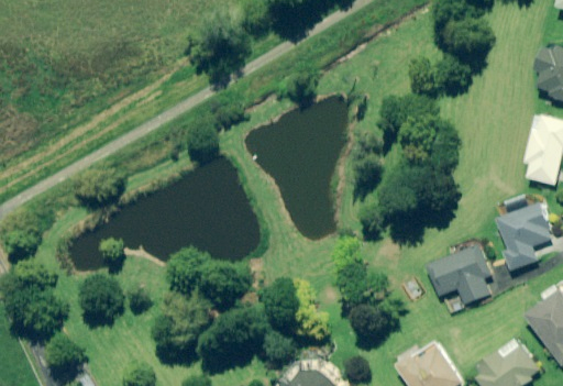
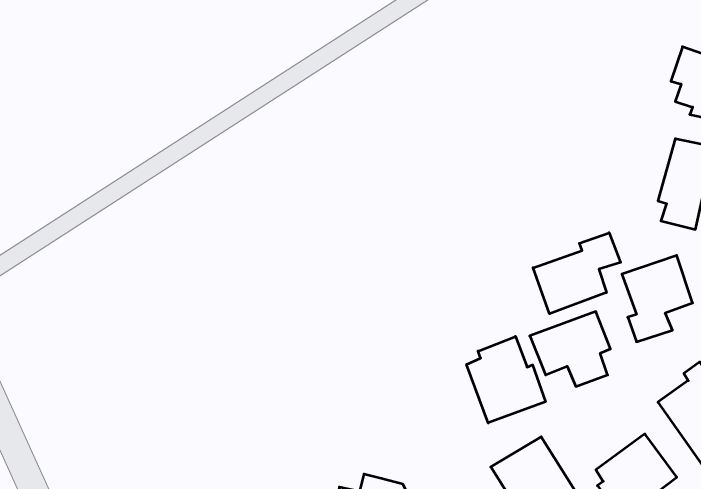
building: none -> [533,233,621,314]
building: none -> [467,336,545,423]

